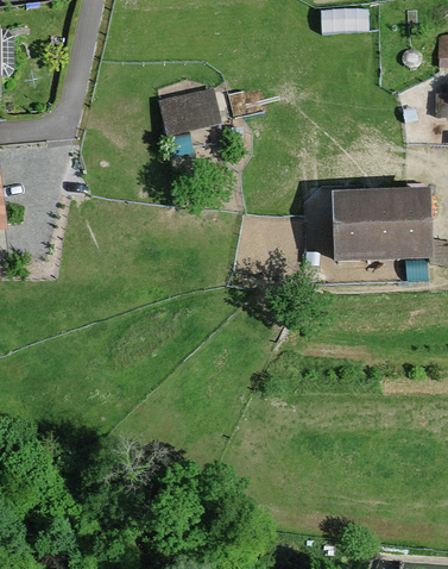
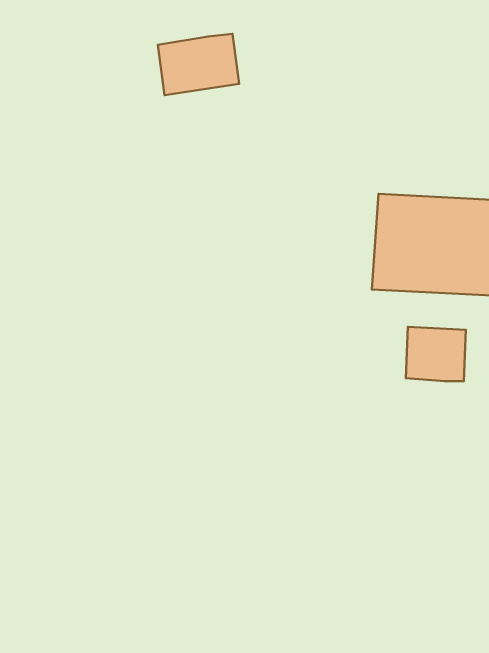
building: none -> [406,327,466,381]

